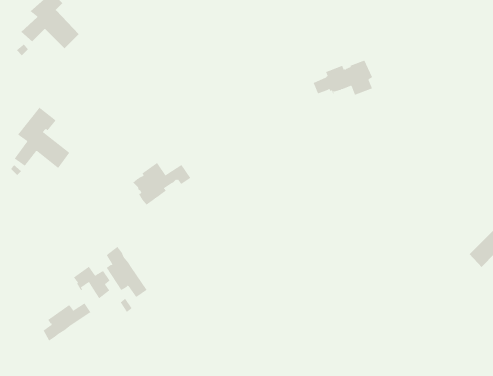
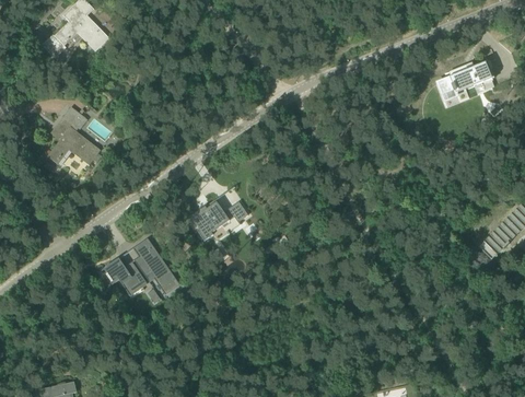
building: [313,60,373,95] -> [438,61,494,95]
building: [132,162,191,206] -> [191,200,247,242]
building: [43,302,91,341] -> none

